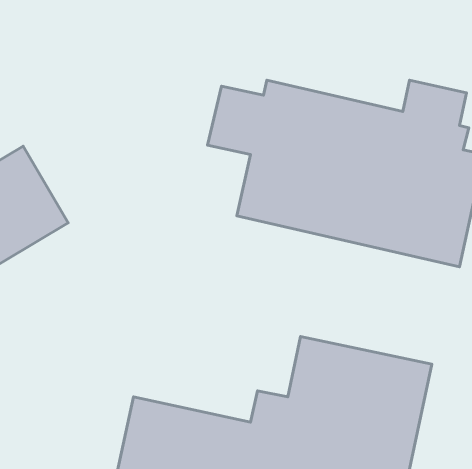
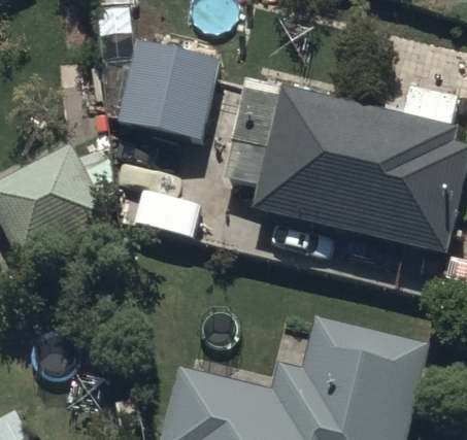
building: none -> [113,40,222,146]

